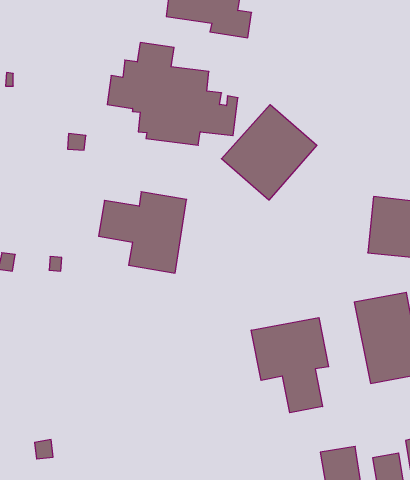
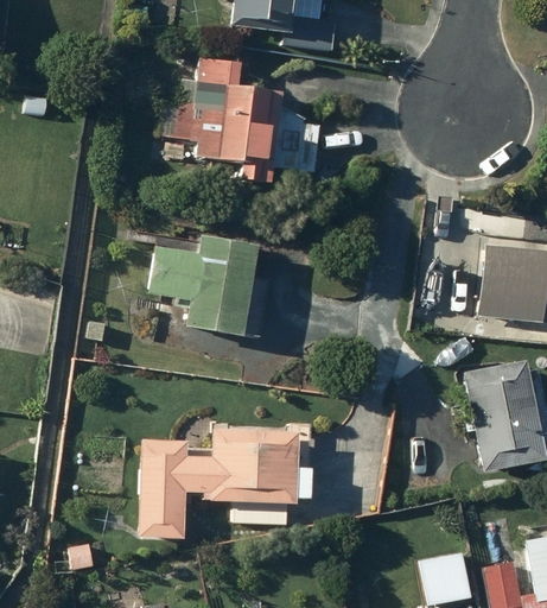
building: [221,105,317,200] -> none
building: [251,318,329,413] -> none
building: none -> [138,420,312,538]

